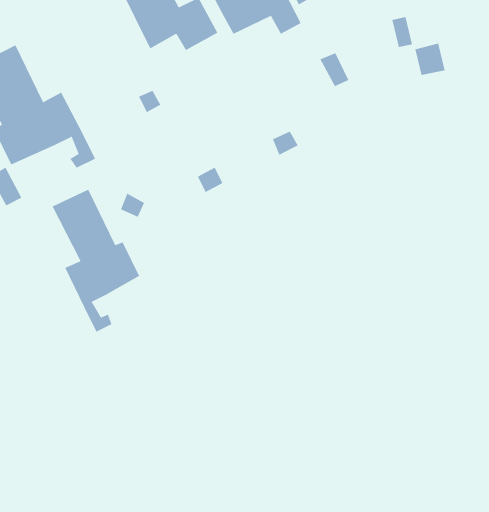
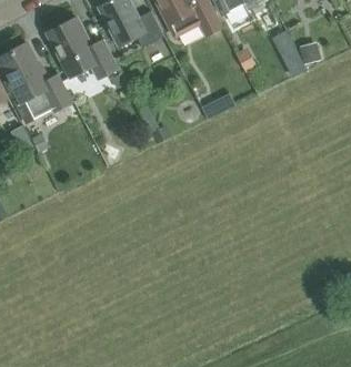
building: none -> [47,17,117,79]
building: [52,189,140,333] -> none

